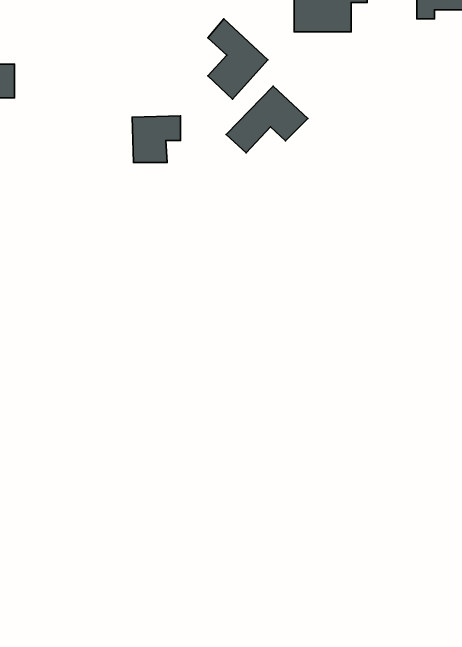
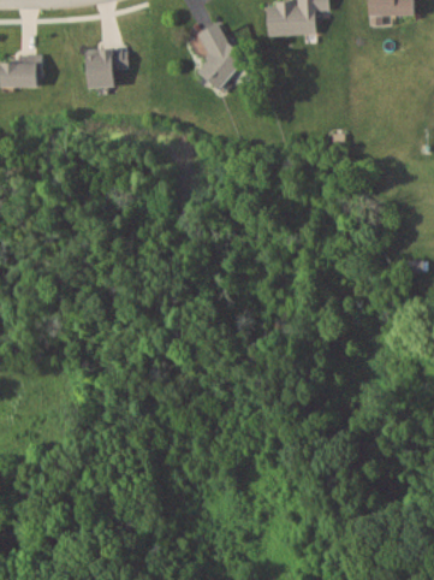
building: [226,86,308,153] -> none
building: [132,116,180,163] -> [88,49,127,88]

